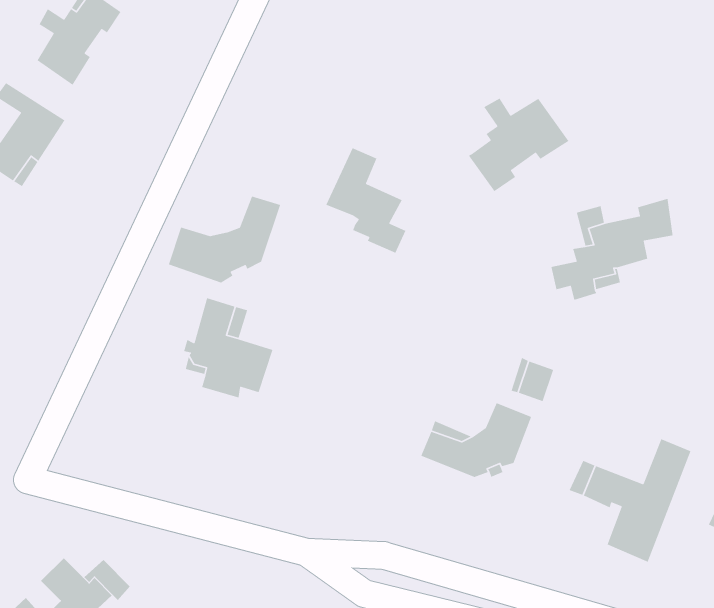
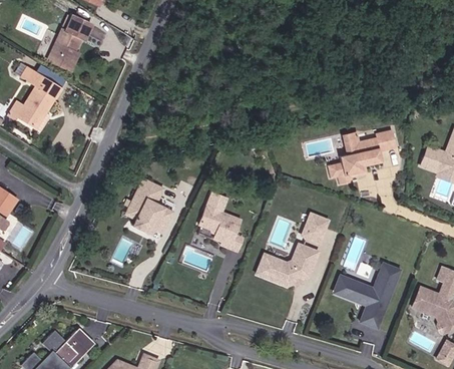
building: [468,97,570,192] -> none
building: [325,147,407,254] -> [196,192,242,251]
building: [168,196,281,283] -> none

